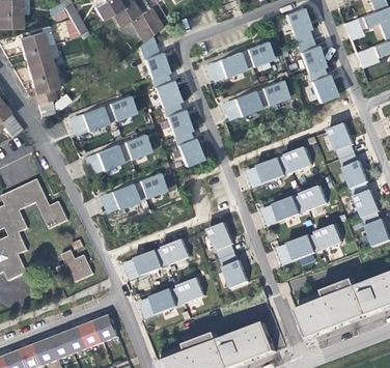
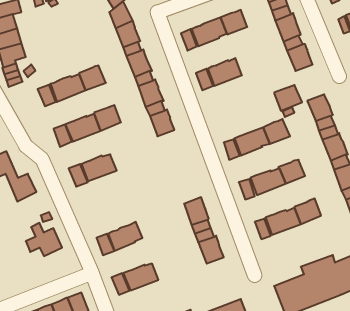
building: [260,79,287,104] -> [274,85,302,111]
building: [138,171,165,196] -> none
building: [164,238,191,262] -> none
building: [179,277,205,302] -> none

